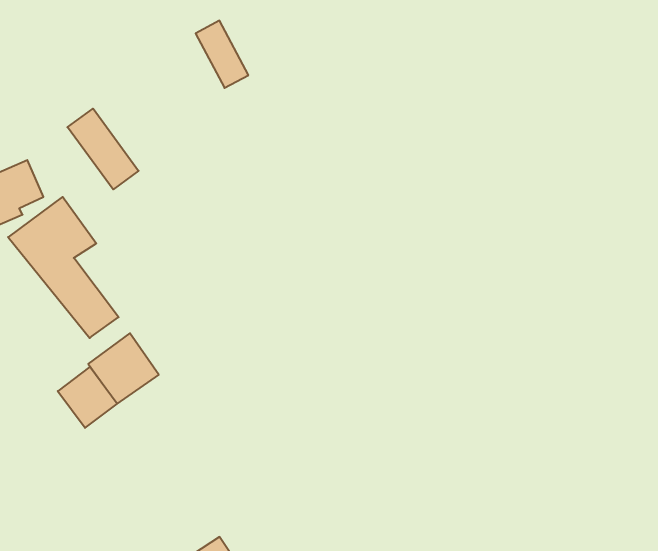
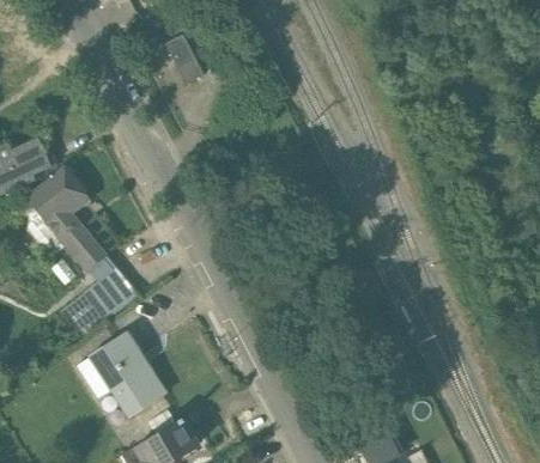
building: [67,109,139,189] -> none
building: none -> [87,330,164,416]

